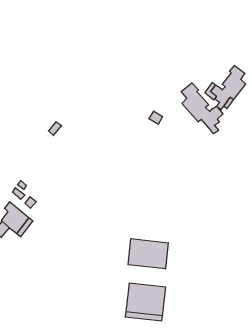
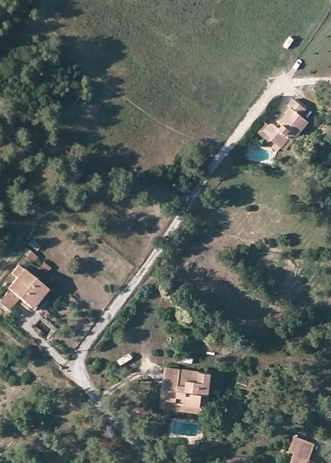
building: [181,83,223,134] -> none
building: [128,239,168,269] -> none

